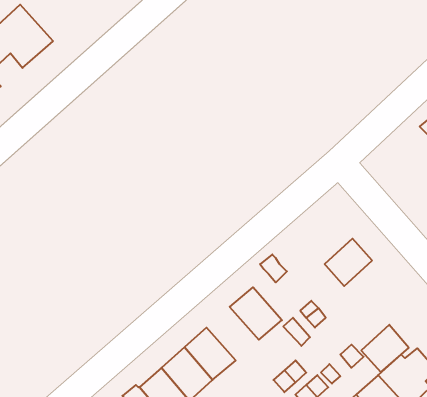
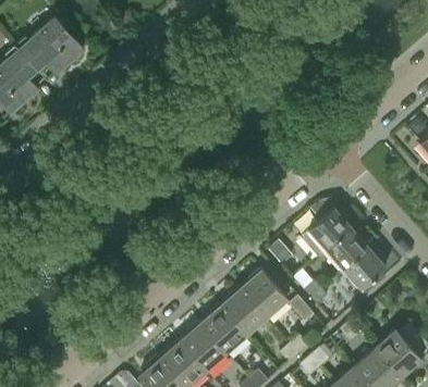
building: none -> [299,207,351,258]
building: none -> [220,287,267,335]
building: [361,325,409,372] -> [343,246,386,288]

